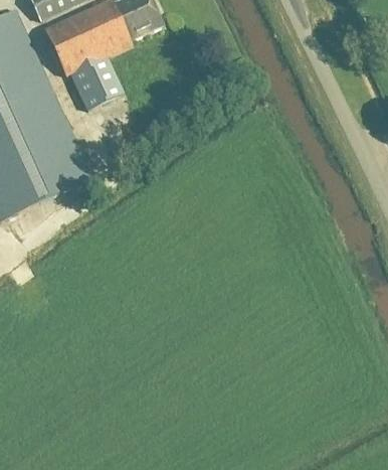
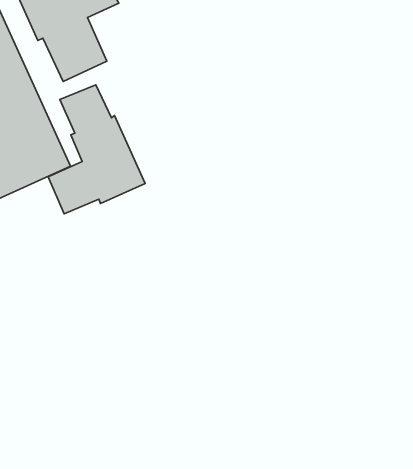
building: none -> [48,85,145,214]

